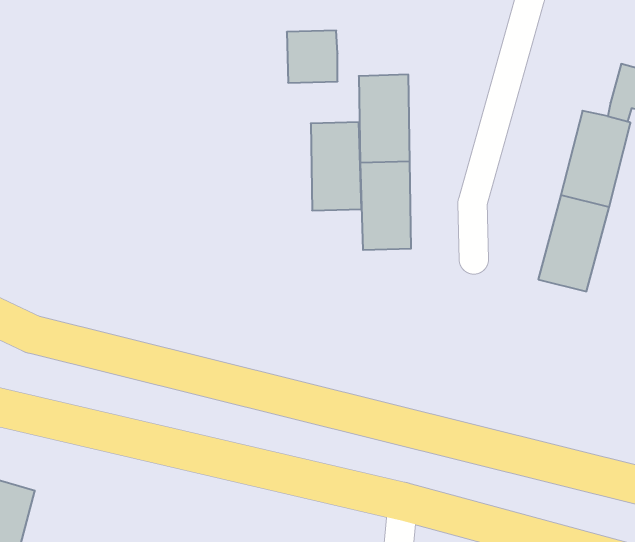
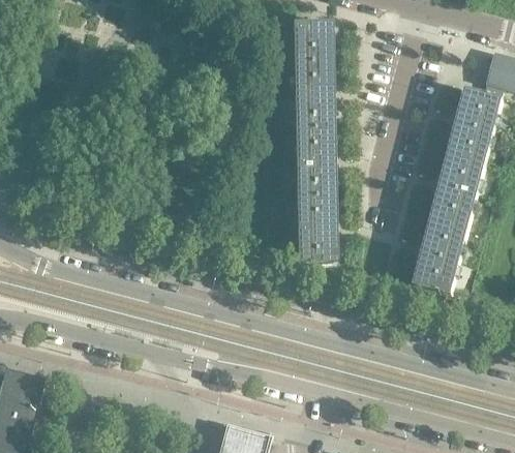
building: [287,31,338,83] -> [293,23,332,63]
building: [311,122,362,210] -> [297,197,336,265]
building: none -> [416,220,469,295]

